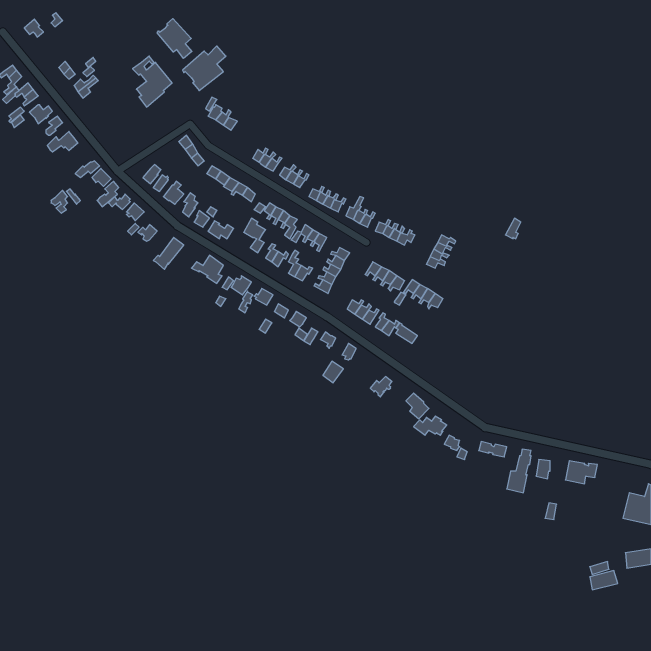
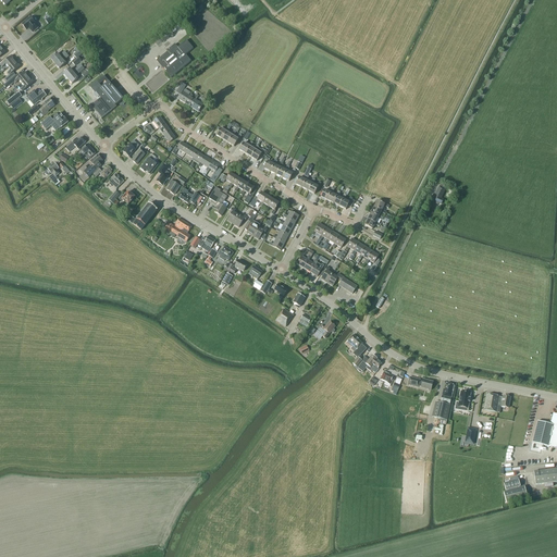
building: [157,19,192,58] -> none
building: [133,56,172,107] -> [88,75,122,119]

